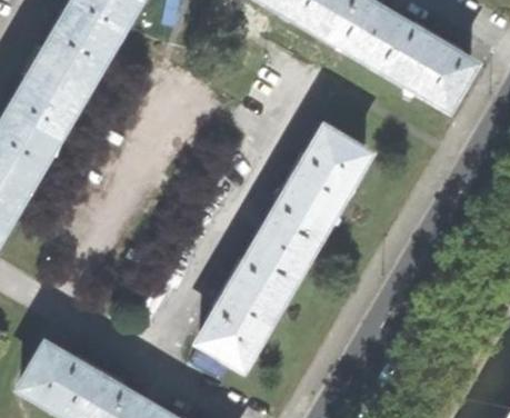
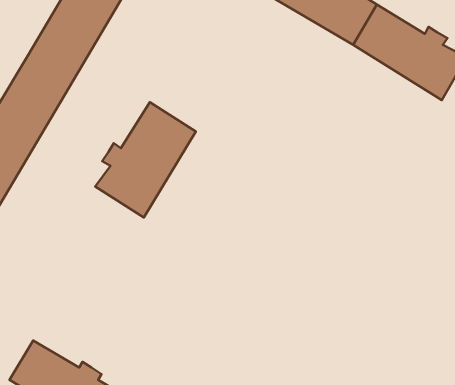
building: none -> [95,102,196,218]
building: [200,131,366,366] -> none

